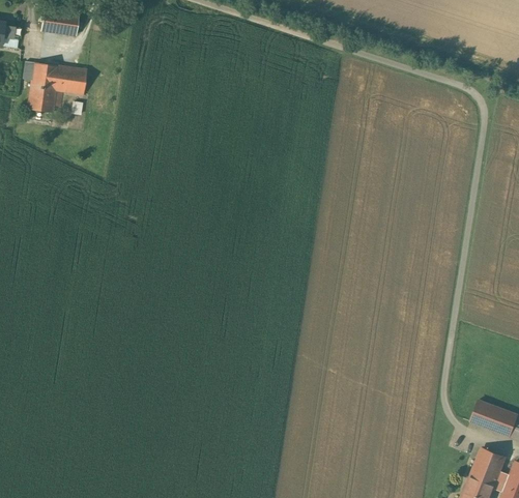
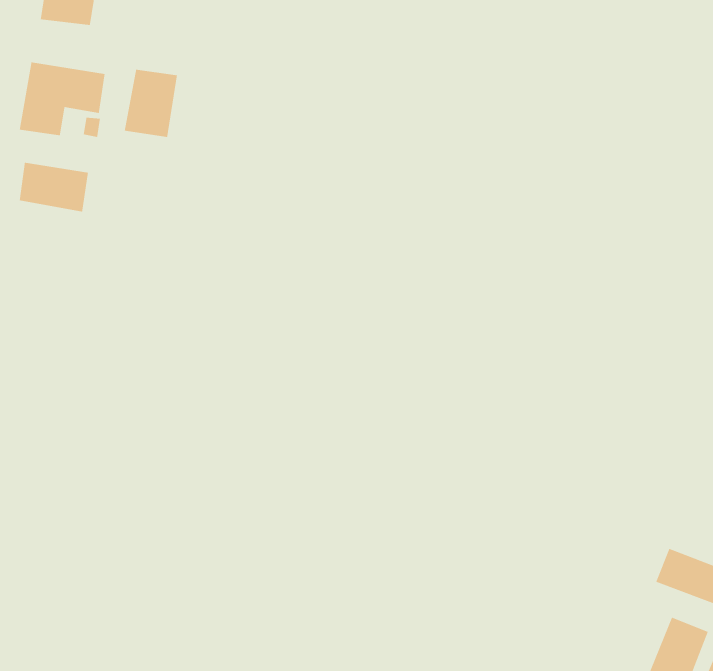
building: none -> [124,69,178,138]
building: none -> [19,162,89,213]

